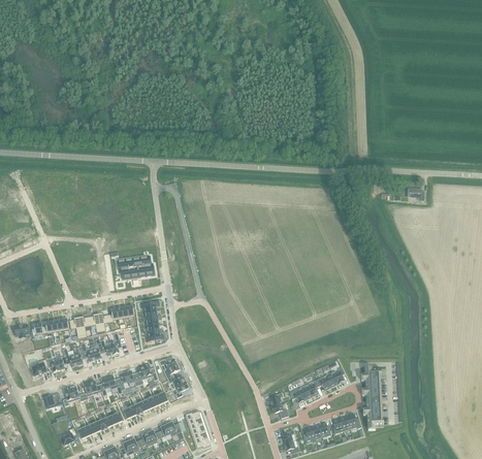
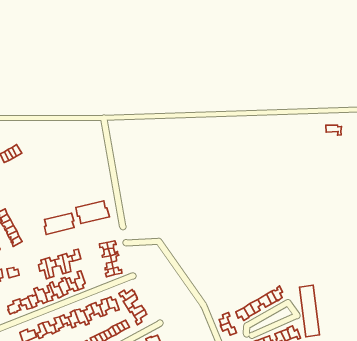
building: none -> [44,213,74,234]

